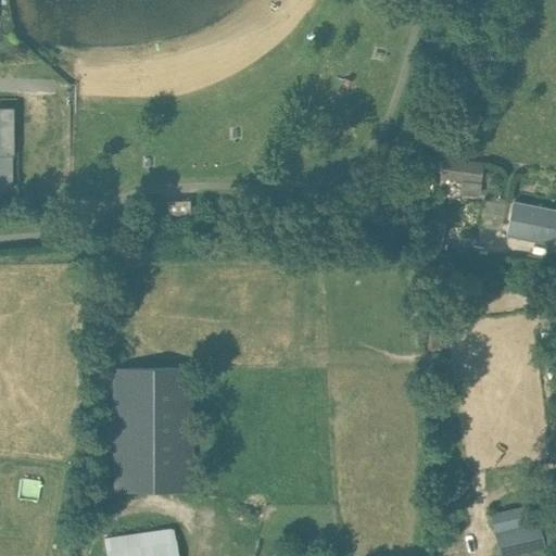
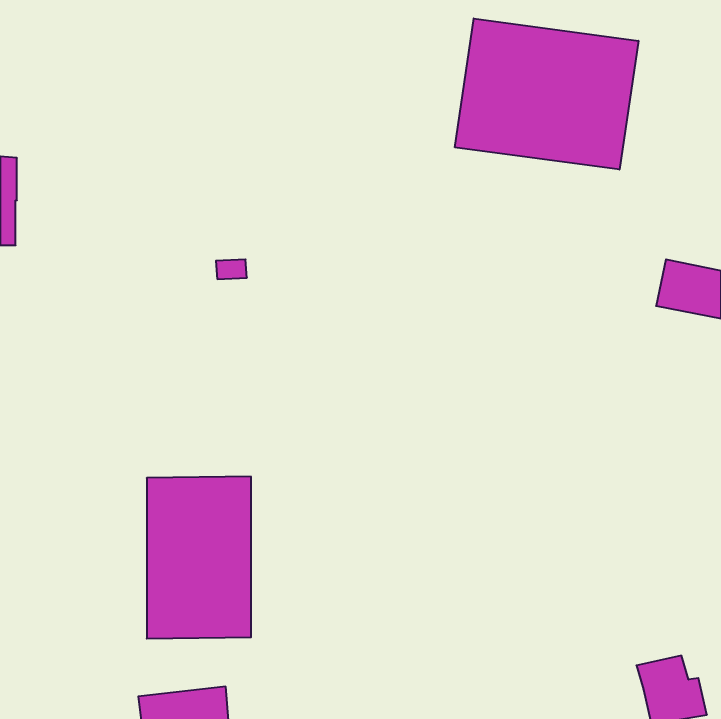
building: none -> [455,18,638,170]
building: [440,159,483,185] -> none

